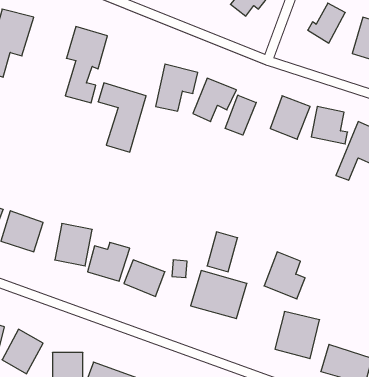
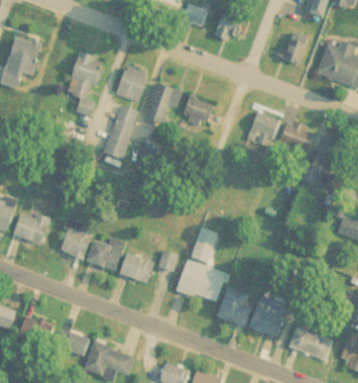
building: none -> [116,67,147,102]
building: [225,95,256,135] -> none
building: [264,252,305,299] -> [216,286,251,326]

